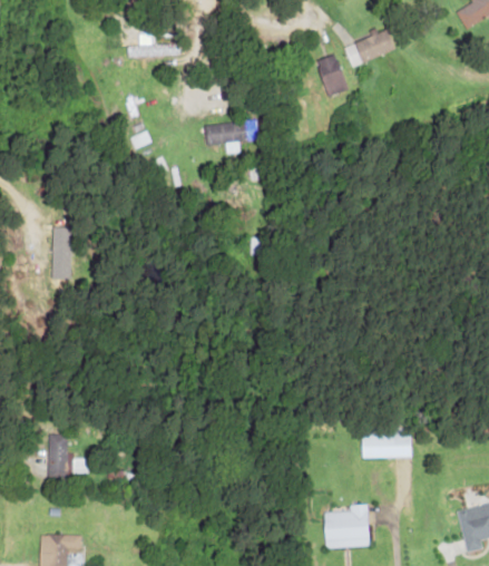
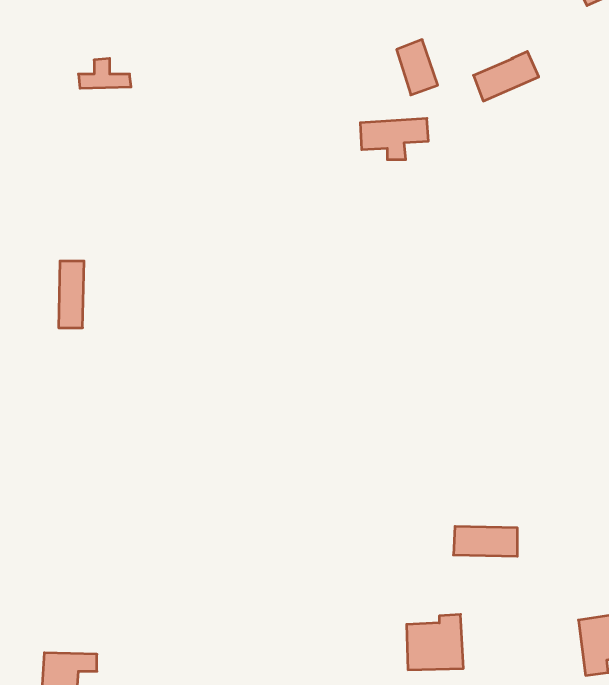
building: [344,28,395,67] -> [473,51,539,101]
building: [127,32,168,56] -> [78,58,131,88]
building: [205,120,258,153] -> [360,118,428,160]
building: [47,433,68,475] -> none

